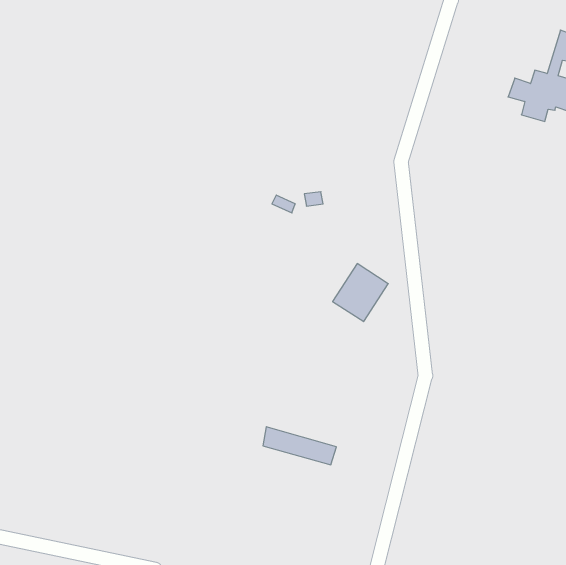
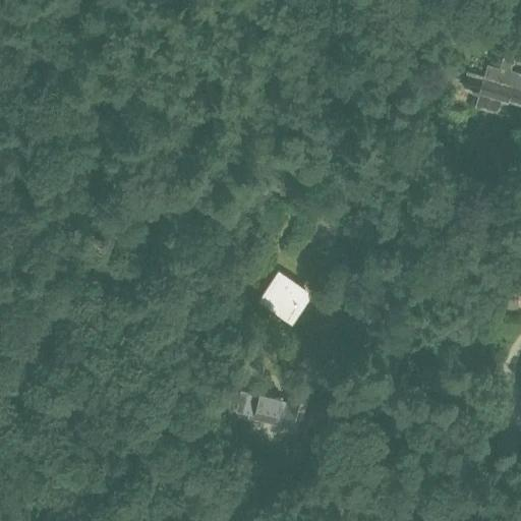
building: [333,264,388,322] -> [258,272,309,325]

